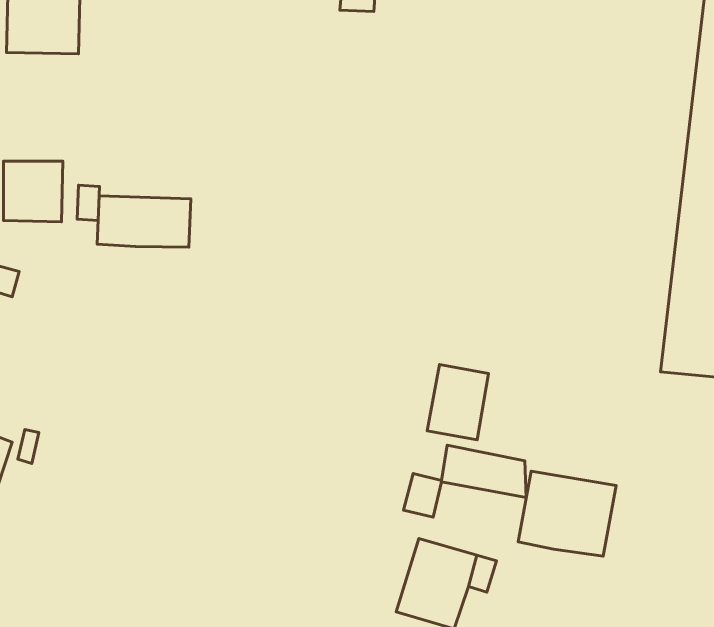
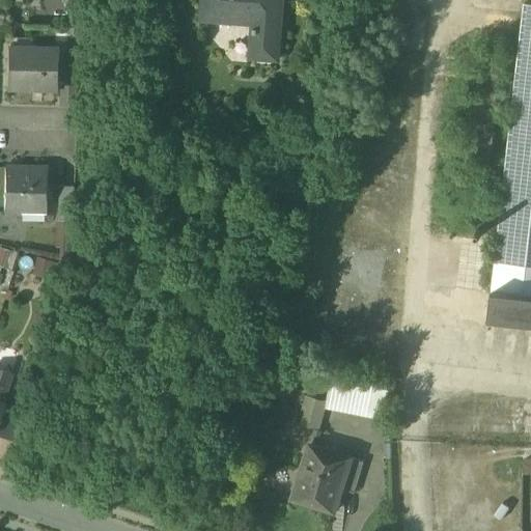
building: [97,196,191,247] -> none
building: [427,364,489,440] -> none
building: [518,471,616,556] -> none

